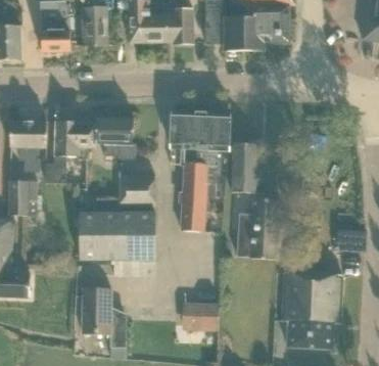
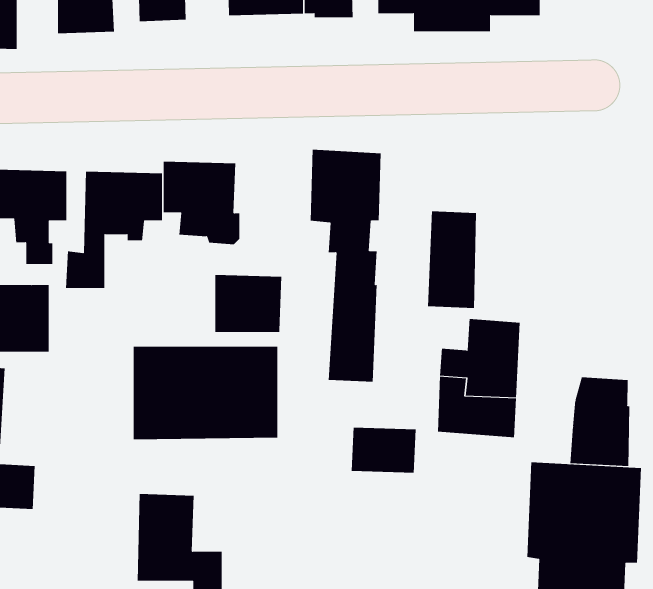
building: [201,112,229,181] -> none
building: none -> [570,377,630,467]
building: [185,305,219,328] -> [351,427,417,473]

